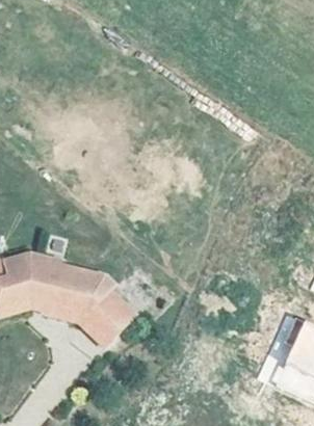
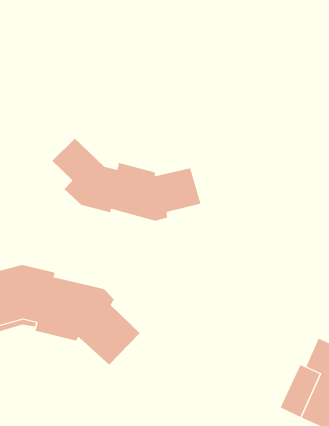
building: none -> [51,138,201,222]

